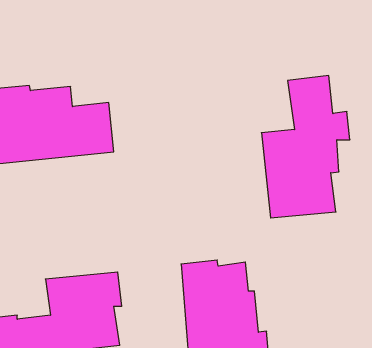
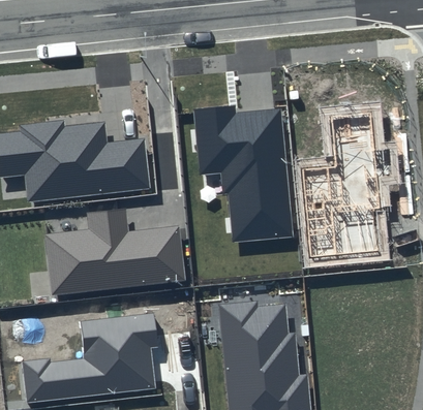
building: none -> [192,104,295,243]
building: none -> [44,208,185,295]

